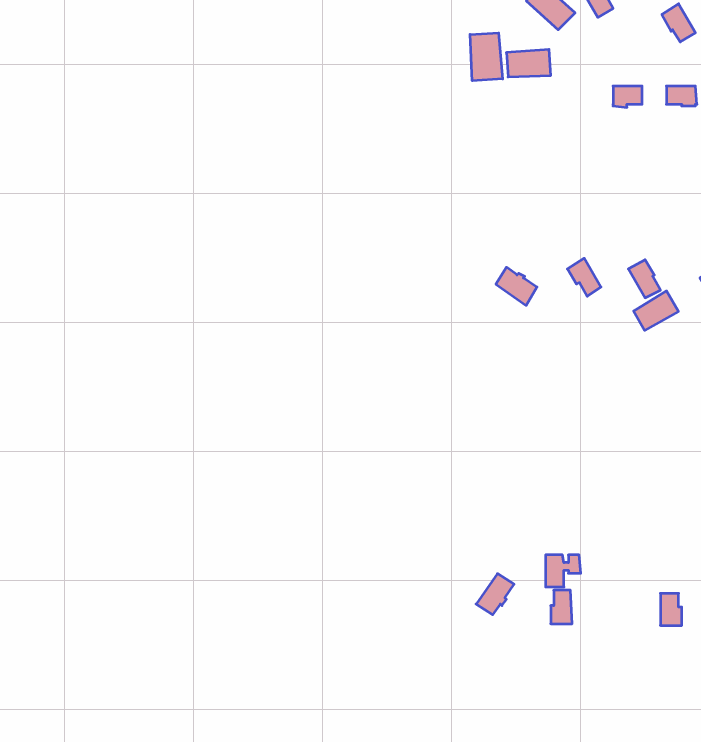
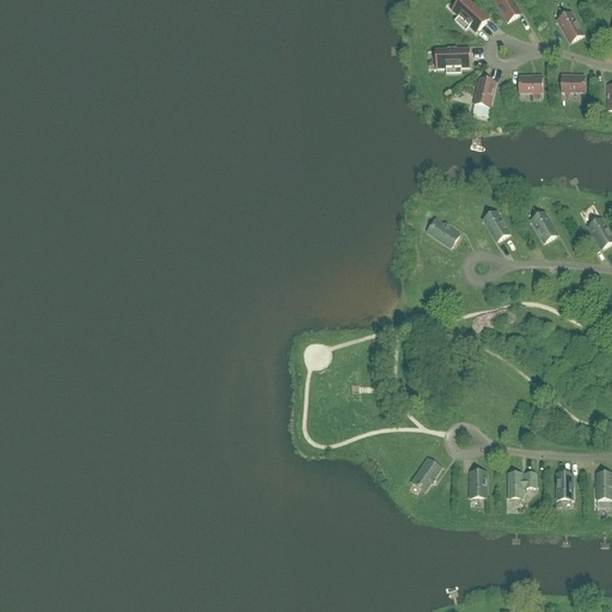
building: [470,33,503,81] -> none
building: none -> [465,76,495,105]
building: [634,291,678,330] -> none
building: [546,555,581,587] -> [508,471,536,496]

